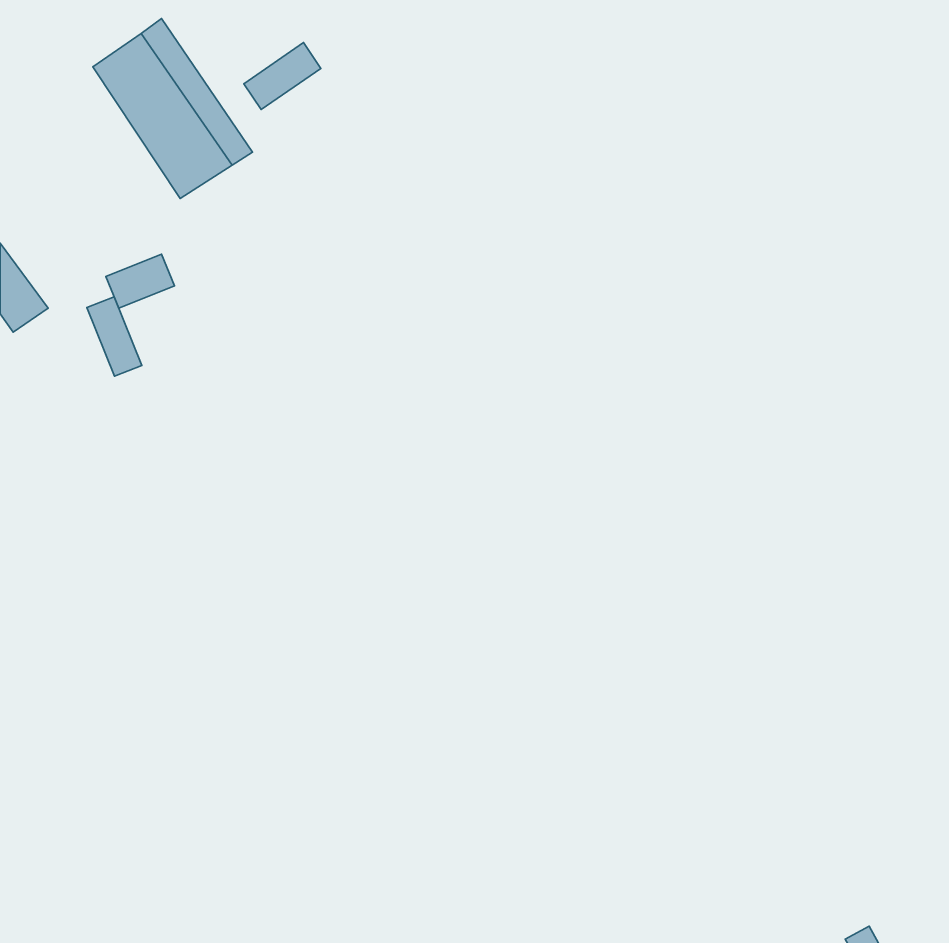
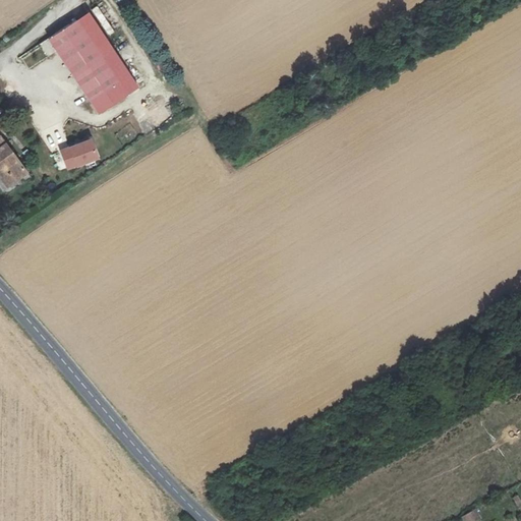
building: [244,42,321,110] -> none
building: [87,297,142,376] -> none

